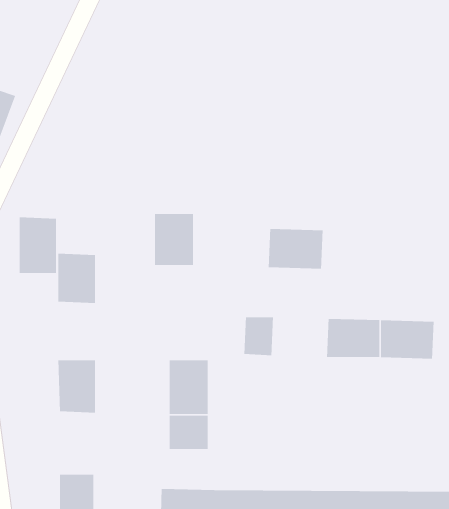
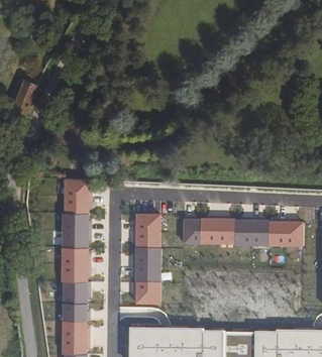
building: [154,213,194,266] -> [135,213,160,246]
building: [19,217,57,274] -> [65,210,89,246]
building: [268,228,323,270] -> [201,219,236,245]
building: none -> [66,279,89,319]

